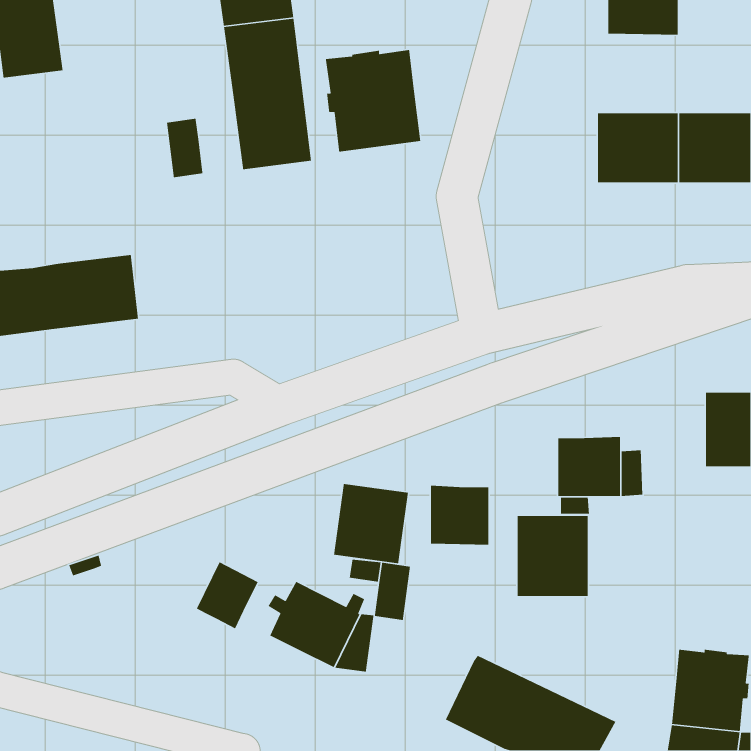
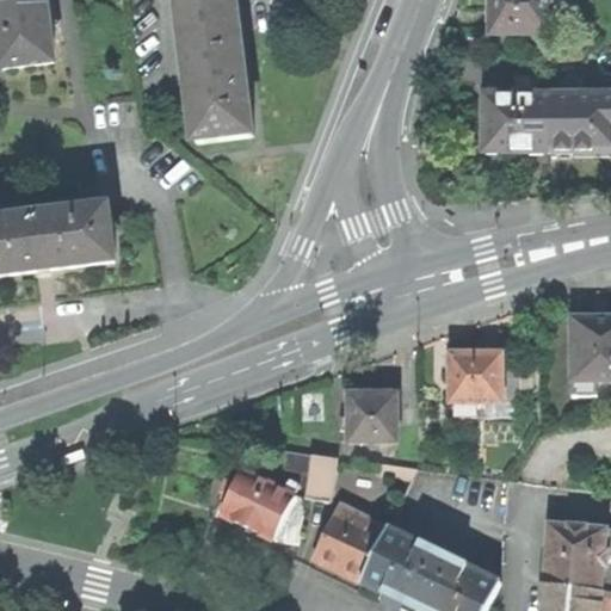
building: [325,49,421,153] -> none
building: [166,118,203,178] -> none
building: [333,483,409,564] -> none
building: [517,515,588,597] -> none
building: [196,561,259,630] -> none
building: none -> [311,510,382,581]

